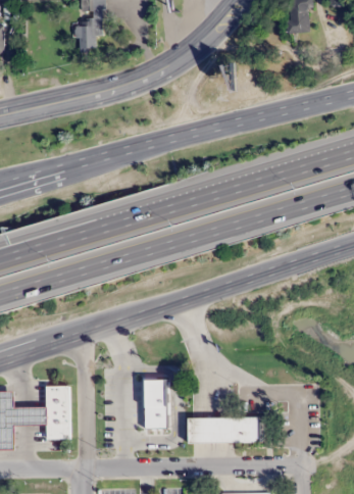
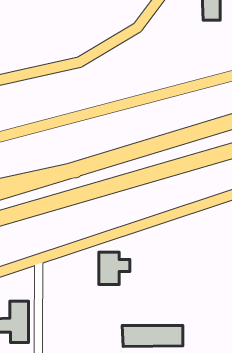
building: [75,22,98,52] -> none
building: [142,378,181,418] -> [99,252,130,285]

